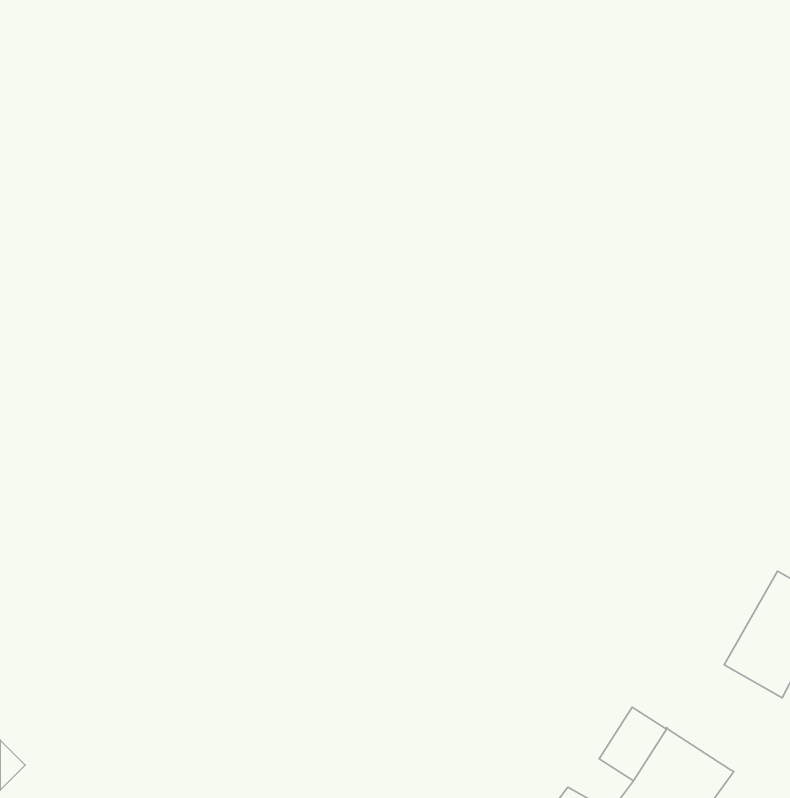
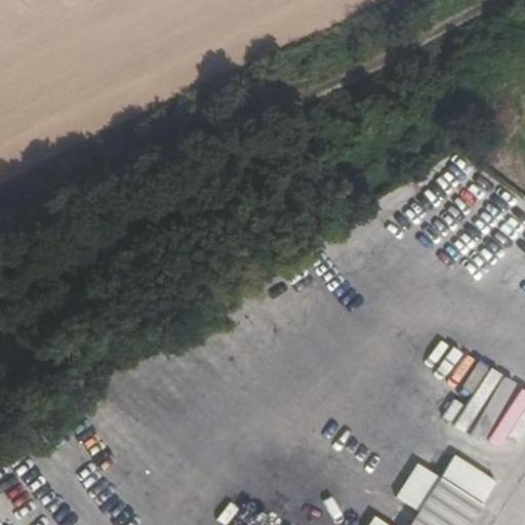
building: none -> [444,456,499,506]

